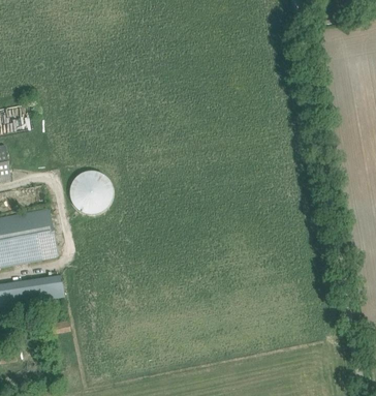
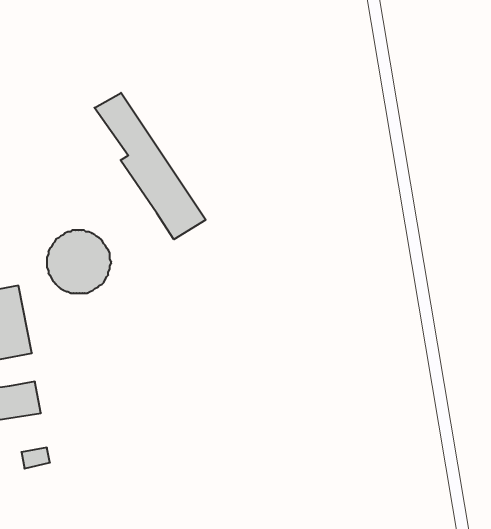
building: none -> [94,93,206,239]

